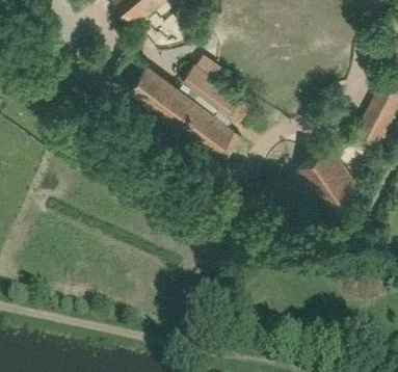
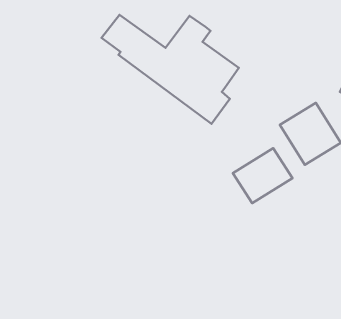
building: none -> [233,148,292,203]

